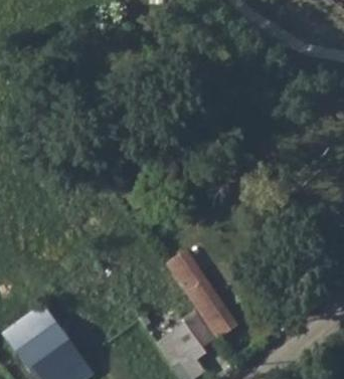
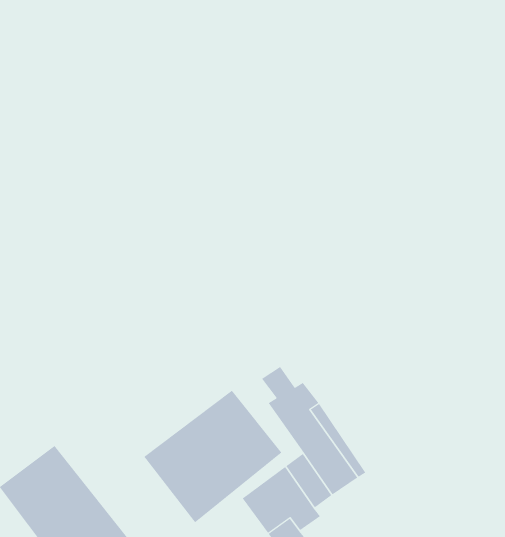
building: none -> [144,390,282,523]

